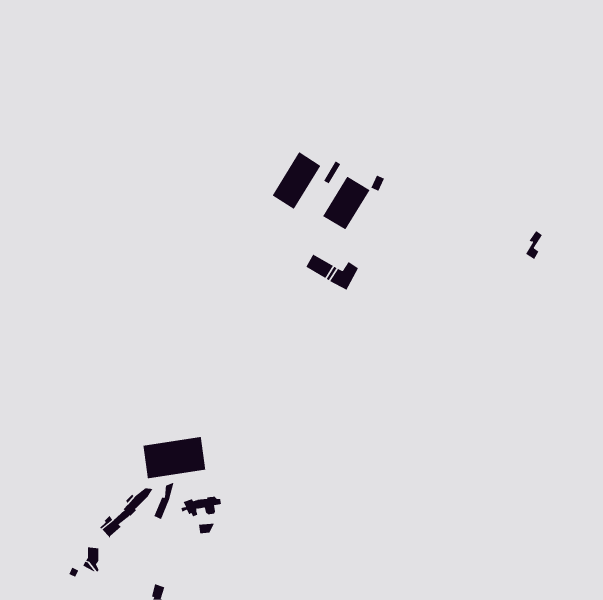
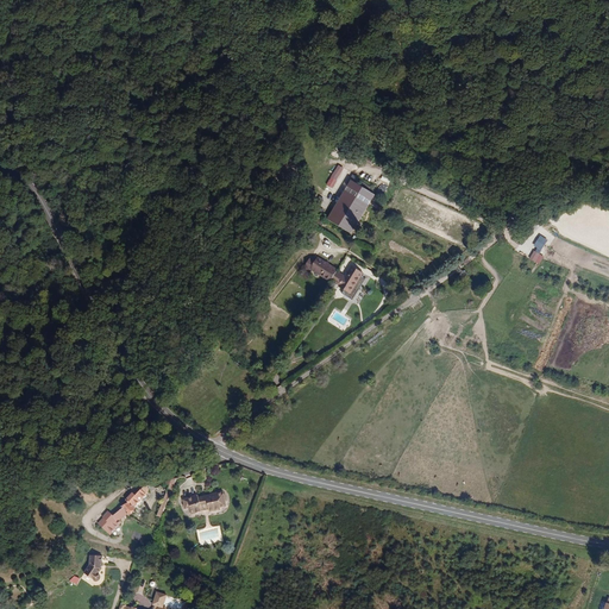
building: [272,151,321,210] -> none
building: [143,436,206,479] -> none

